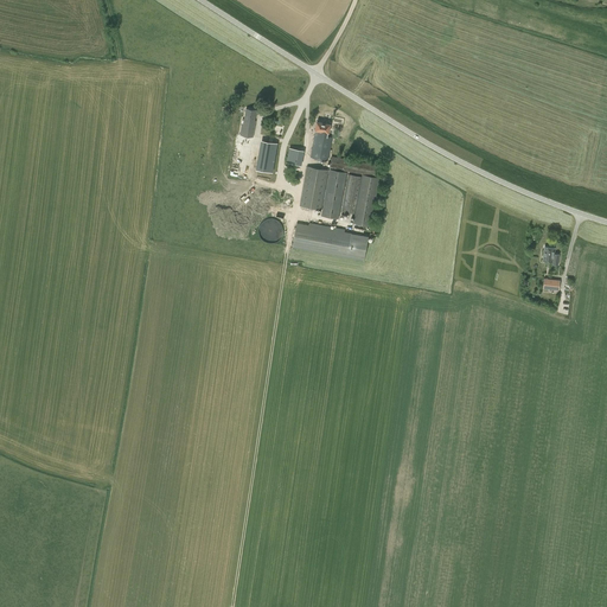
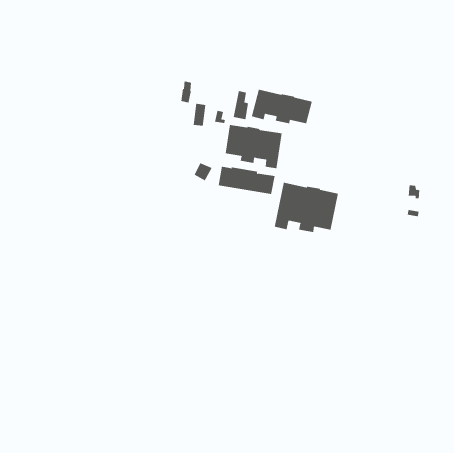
building: none -> [251,89,313,124]
building: none -> [274,182,338,233]

